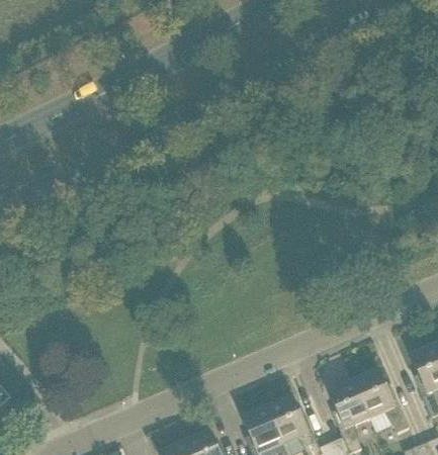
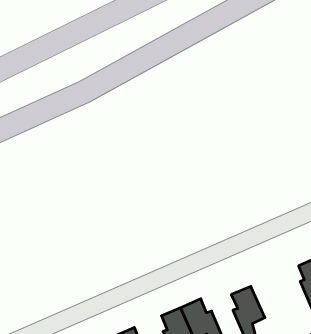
building: [353,371,409,433] -> none

